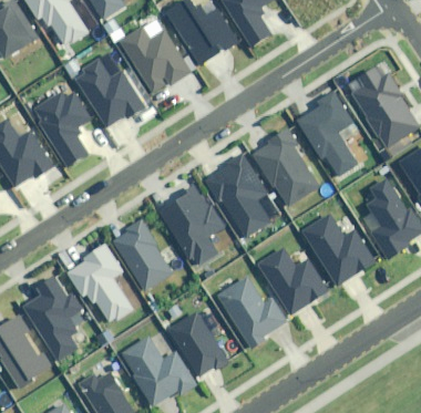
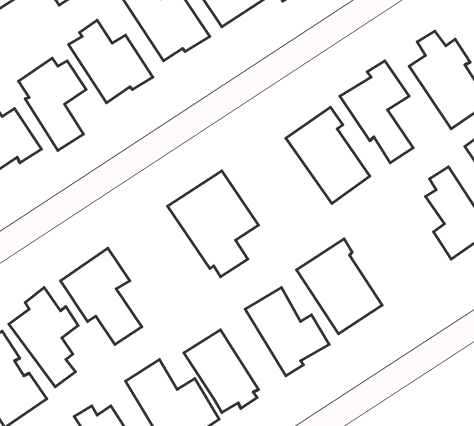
building: [205,155,269,237] -> none
building: [306,213,374,281] -> none
building: [113,218,172,290] -> none

